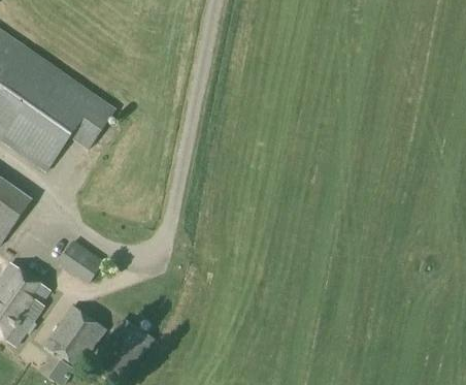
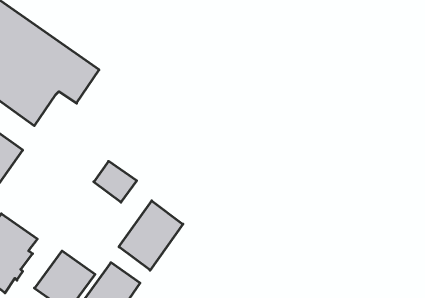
building: [56,240,101,284] -> [94,161,137,202]
building: none -> [119,201,183,270]

